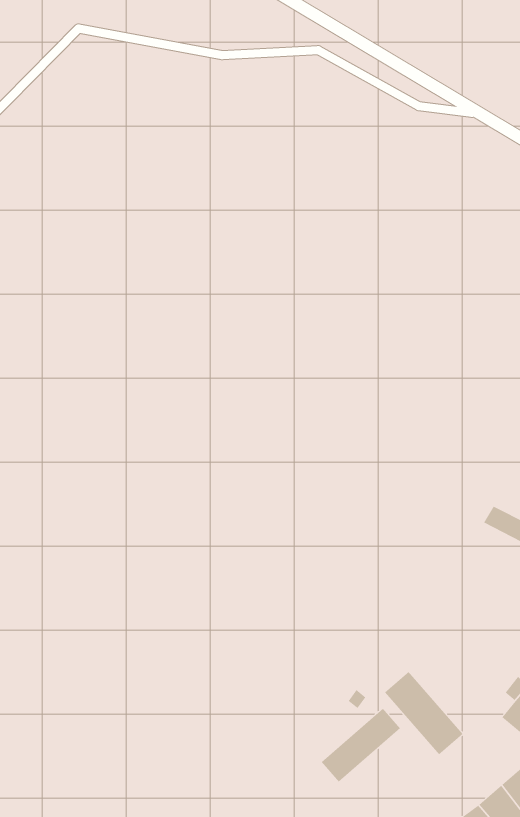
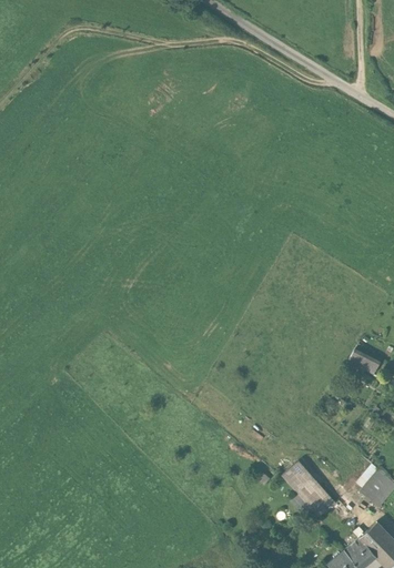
building: [321,708,401,782] -> none

